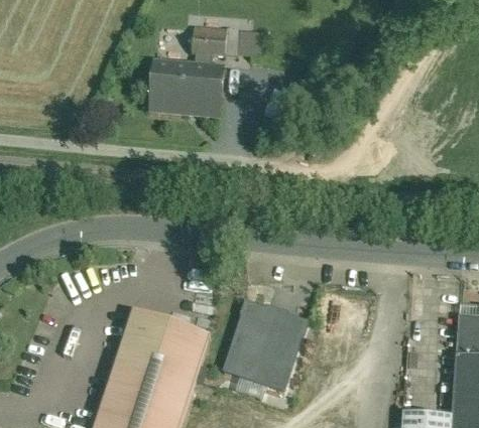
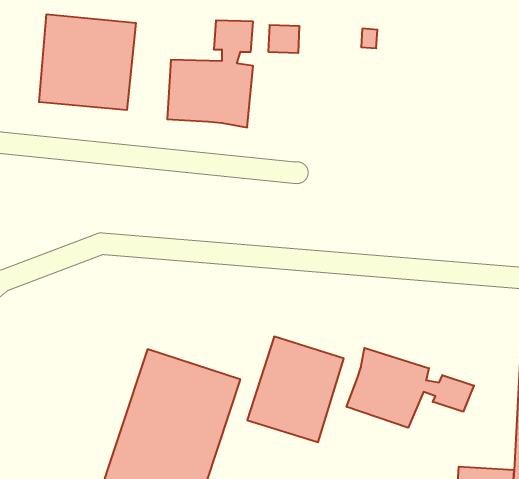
building: none -> [39,14,136,110]
building: none -> [347,348,474,428]

